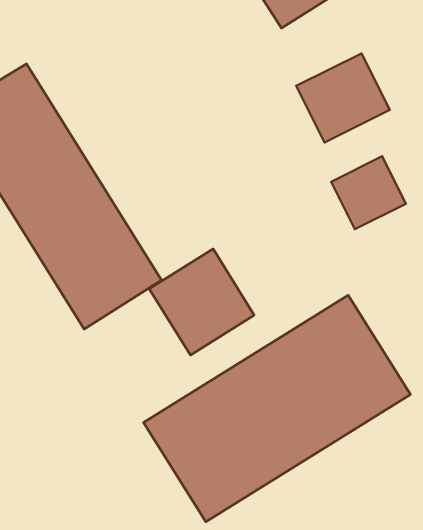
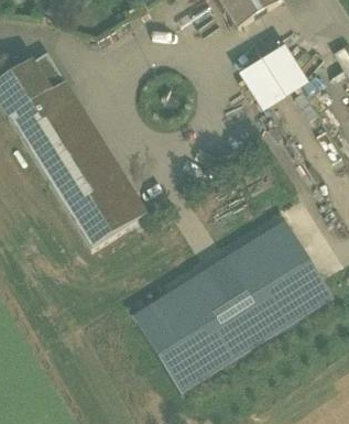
building: [331,156,406,229] -> none
building: [149,249,254,355] -> none

